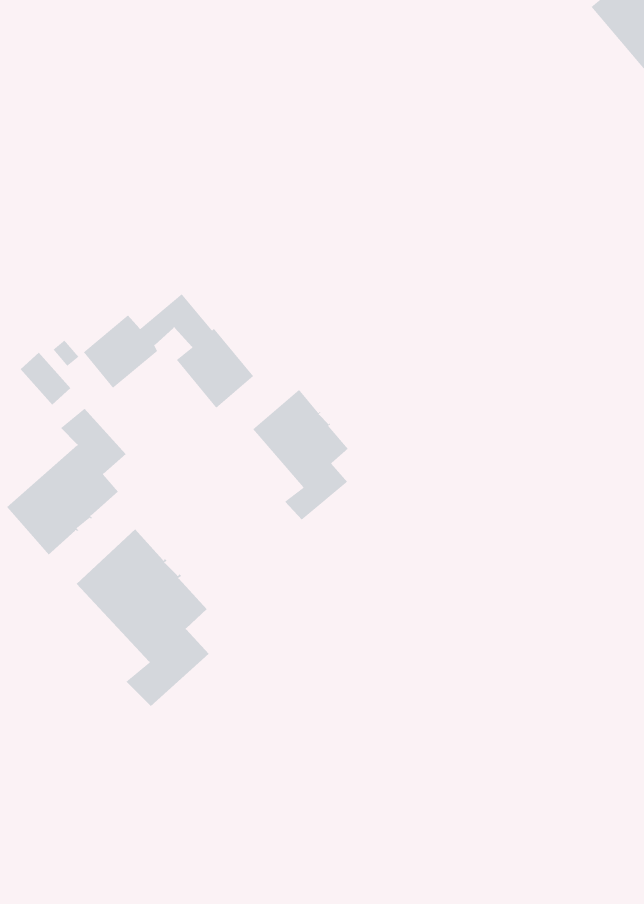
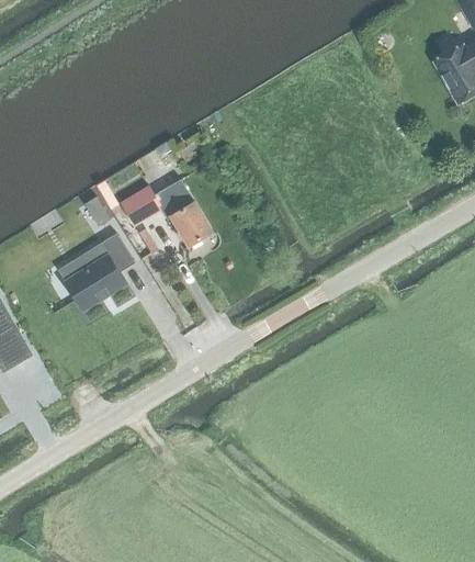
building: [252,389,349,521] -> none
building: [76,529,209,707] -> none

